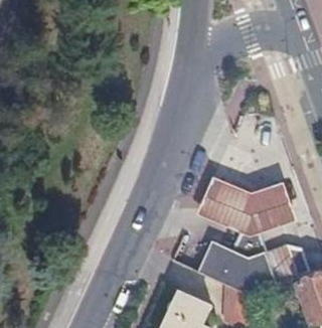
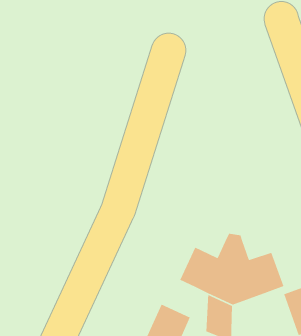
building: [197,177,297,233] -> none

